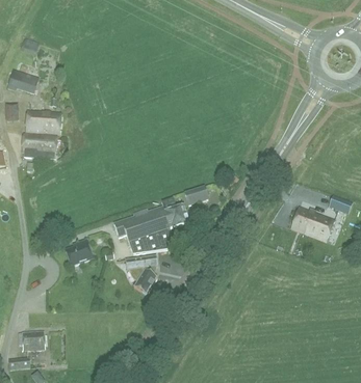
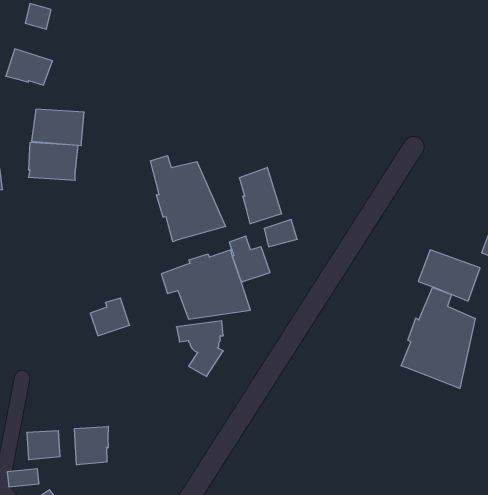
building: none -> [150,156,226,242]
building: none -> [239,167,282,224]
building: none -> [401,287,475,389]
building: none -> [75,426,108,465]

